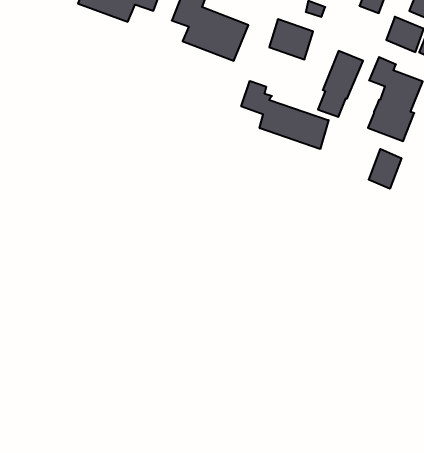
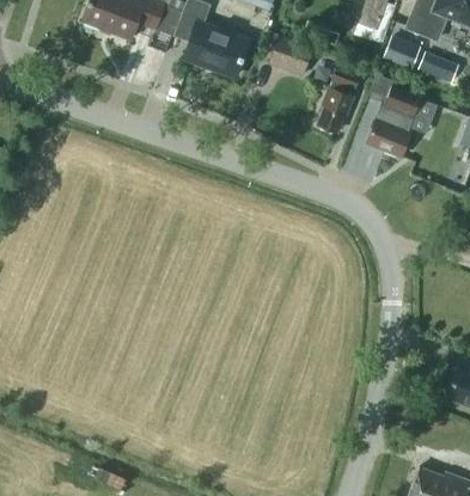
building: [241,81,329,149] -> none
building: [369,149,401,189] -> none

